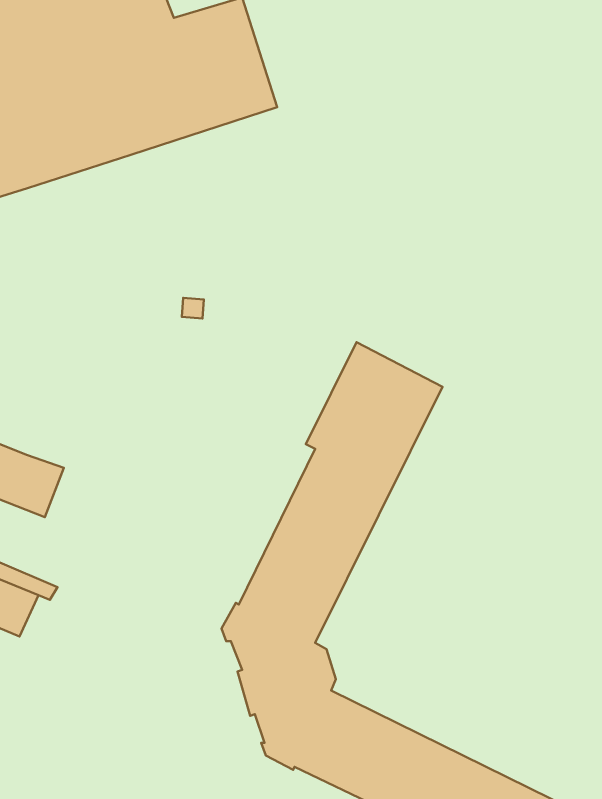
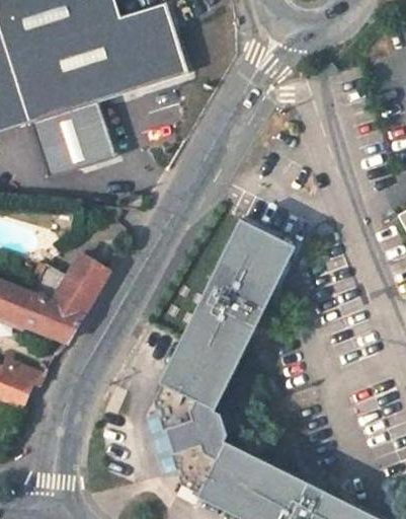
building: none -> [30,100,115,178]
building: none -> [30,253,110,343]

